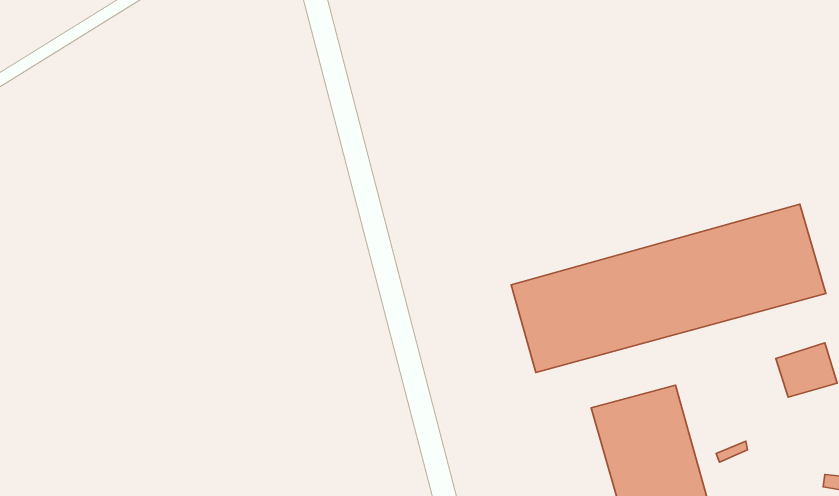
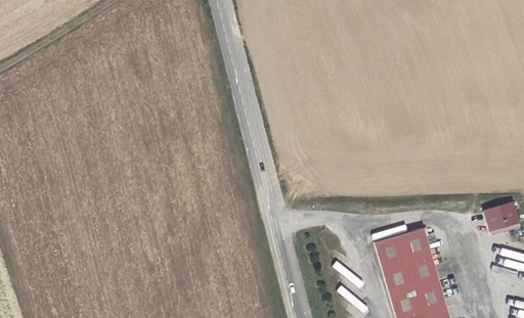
building: [511,204,826,373] -> none

